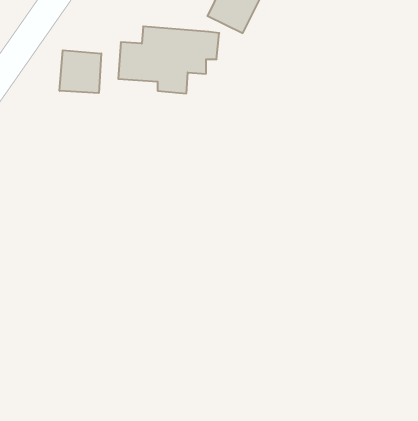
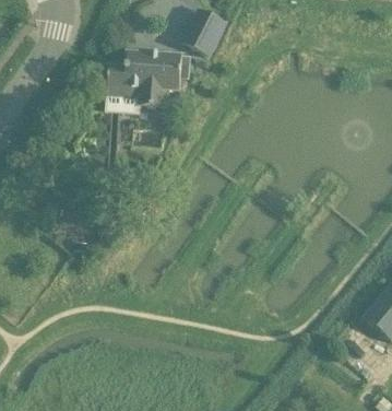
building: [60,50,101,93] -> none

